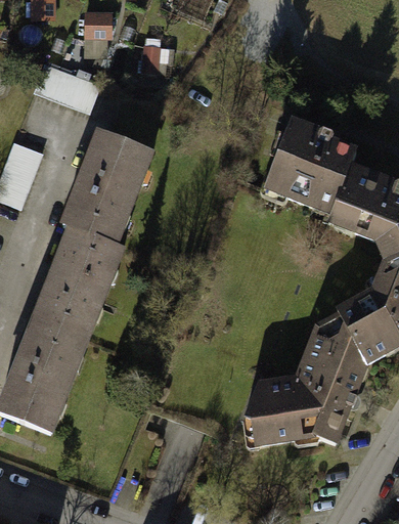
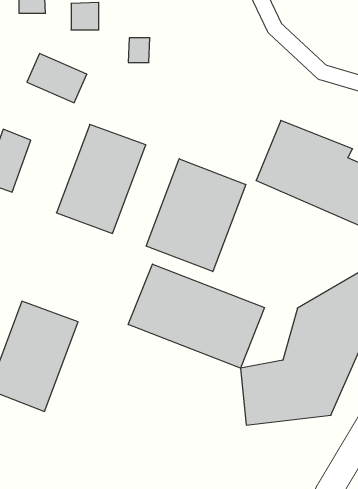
building: none -> [146,159,246,272]
building: [26,224,120,338] -> none
building: none -> [128,264,265,368]

